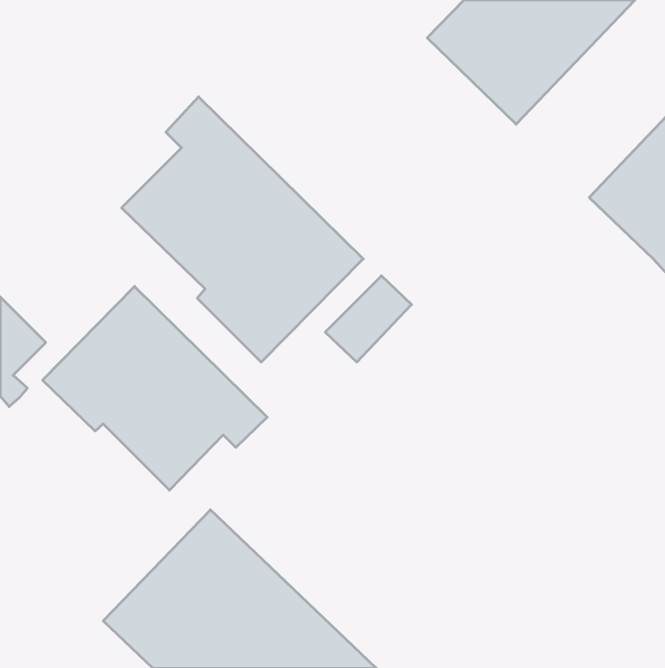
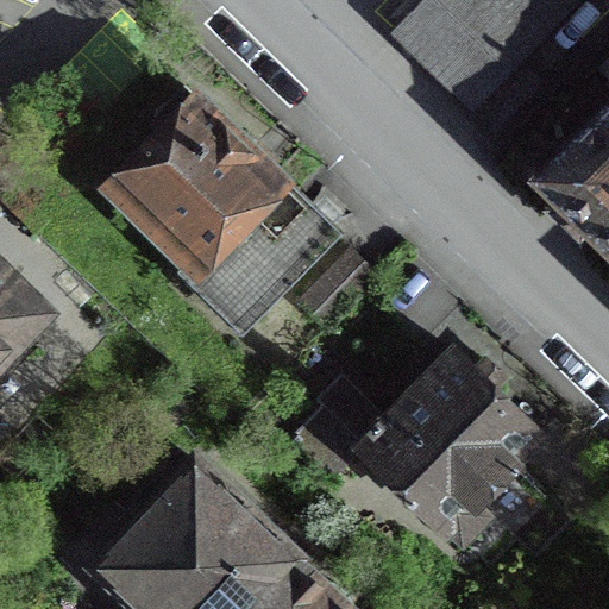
building: [43,286,267,490] -> none
building: none -> [293,352,539,546]

